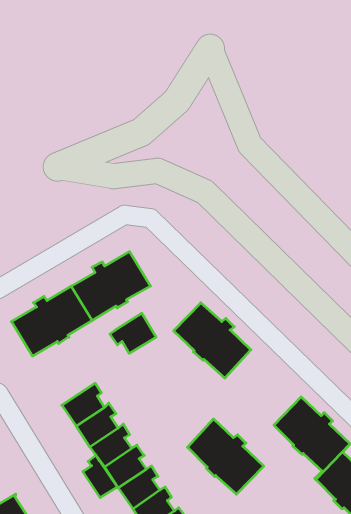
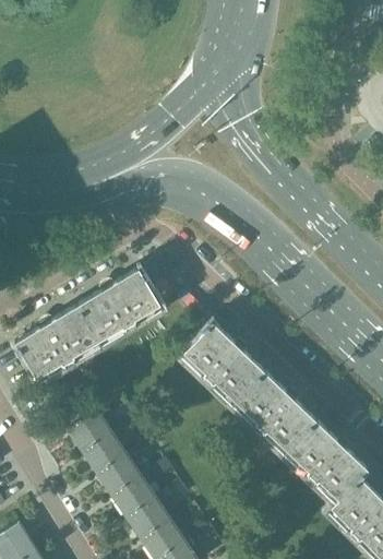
building: [110,313,156,353] -> none
building: [187,419,264,494] -> [237,374,316,453]
building: [83,455,117,498] -> none

